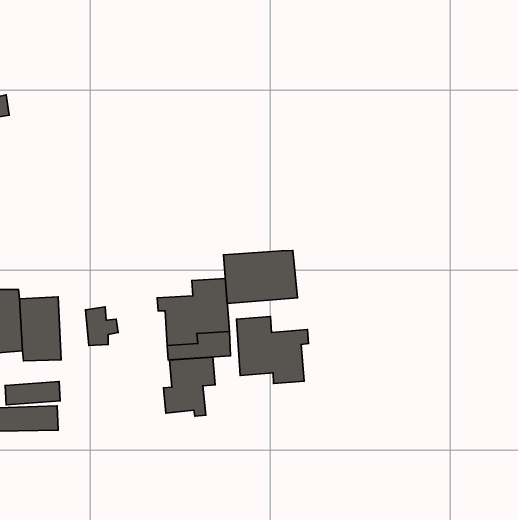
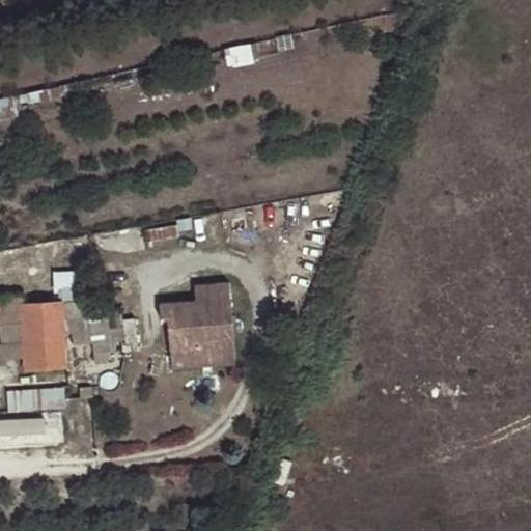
building: [224,251,298,303] -> none
building: [237,317,308,384] -> none
building: [164,357,215,416] -> none

